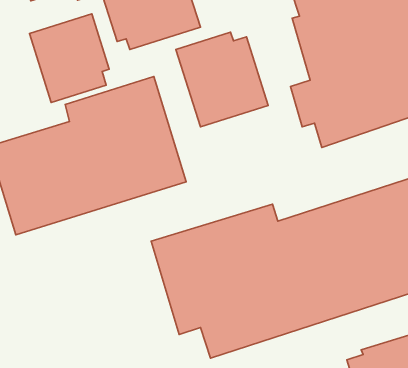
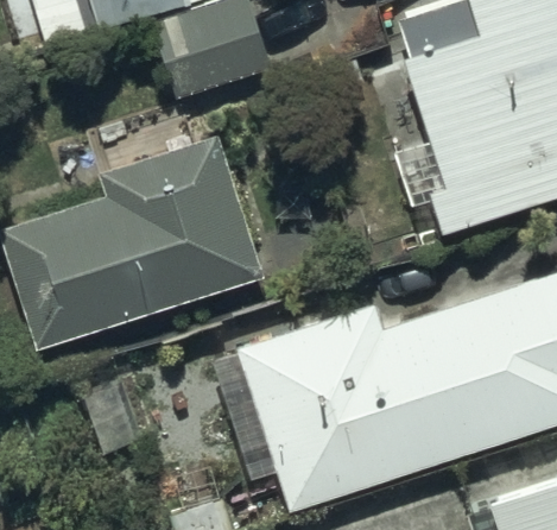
building: [30,14,109,102] -> none
building: [176,32,268,127] -> none

